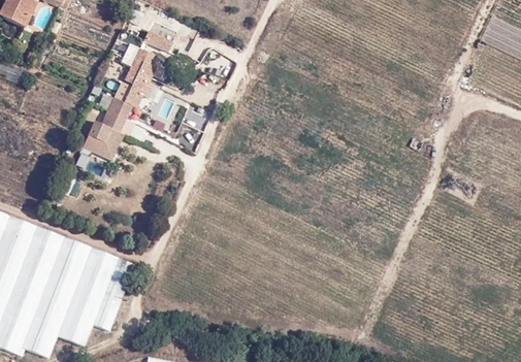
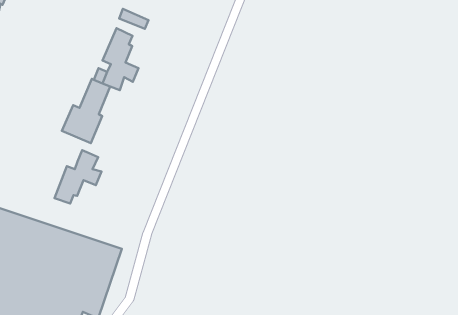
building: none -> [54,150,102,204]

